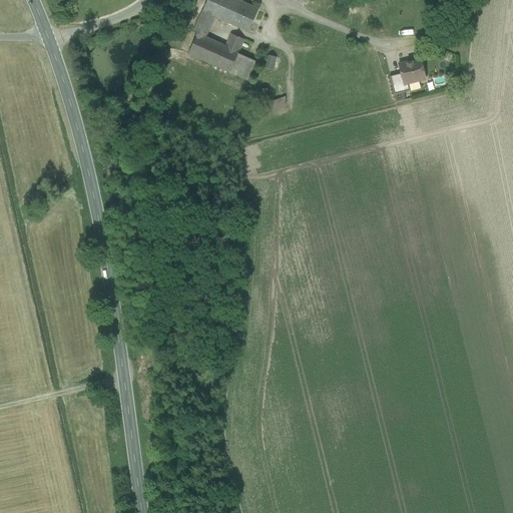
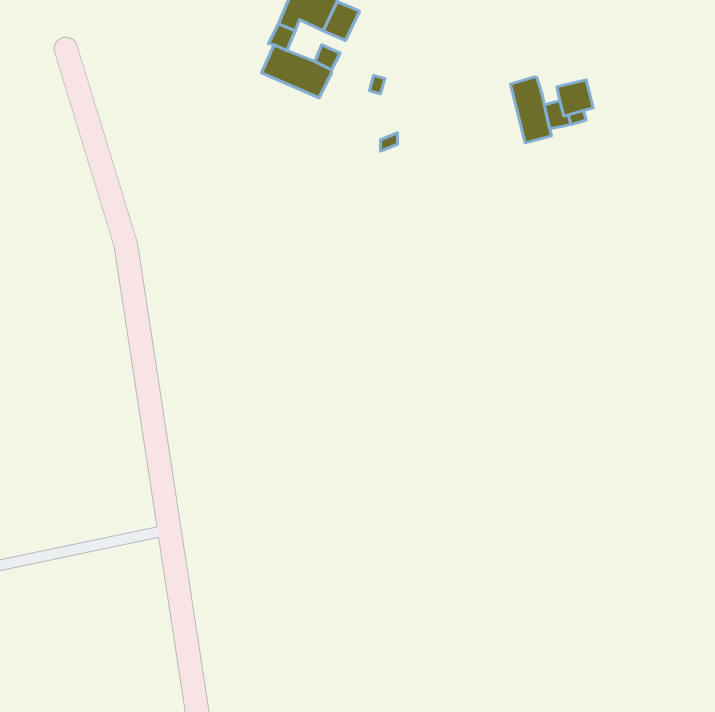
building: [228,52,255,78] -> none
building: none -> [511,77,552,143]

